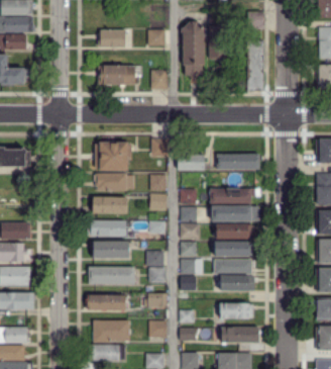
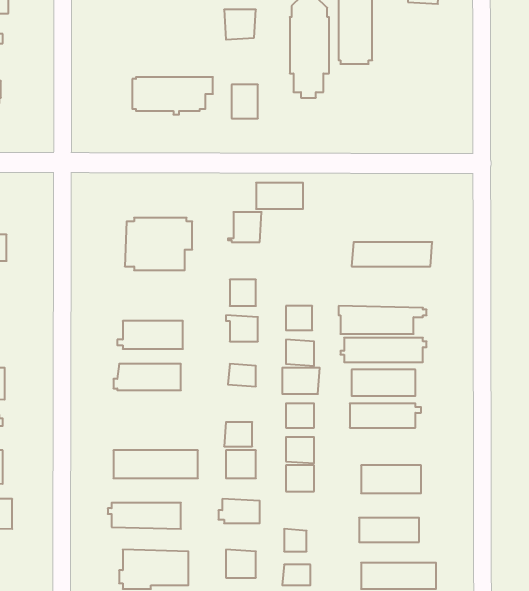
building: [96,30,124,47] -> none
building: [247,41,262,90] -> none
building: [180,155,205,169] -> [256,183,303,209]
building: [93,173,133,190] -> none
building: [93,241,128,257] -> none
building: [215,259,250,273] -> none

